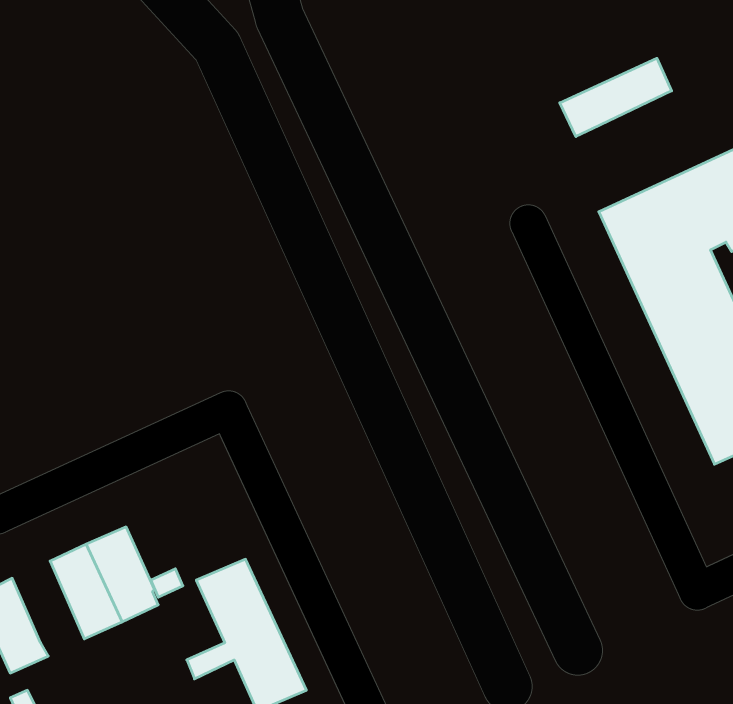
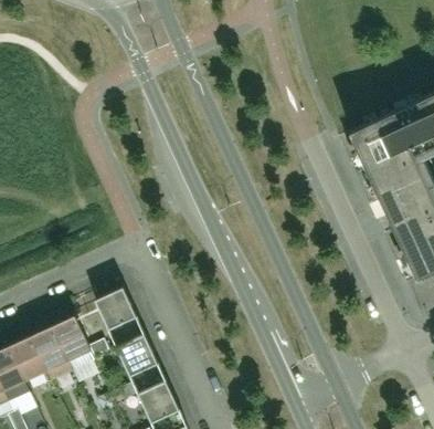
building: [560,58,672,137] -> none
building: none -> [95,287,137,331]
building: none -> [9,336,47,384]

